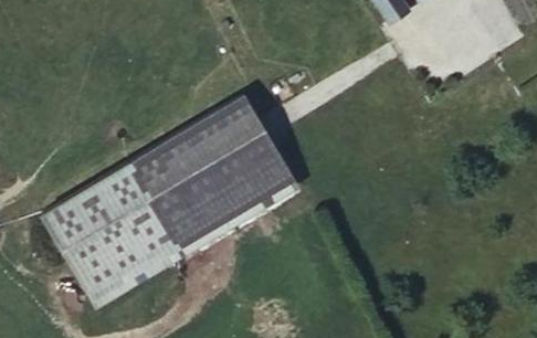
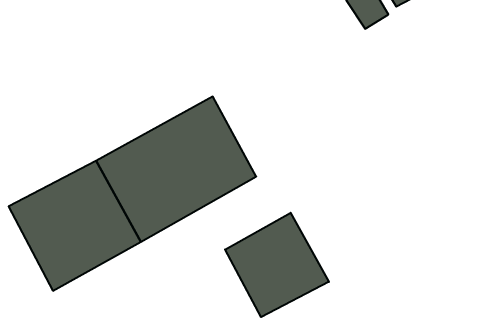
building: none -> [225,213,329,317]

